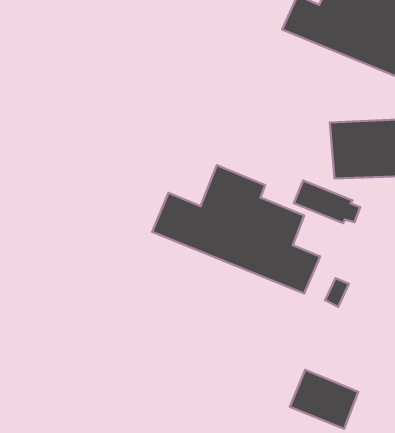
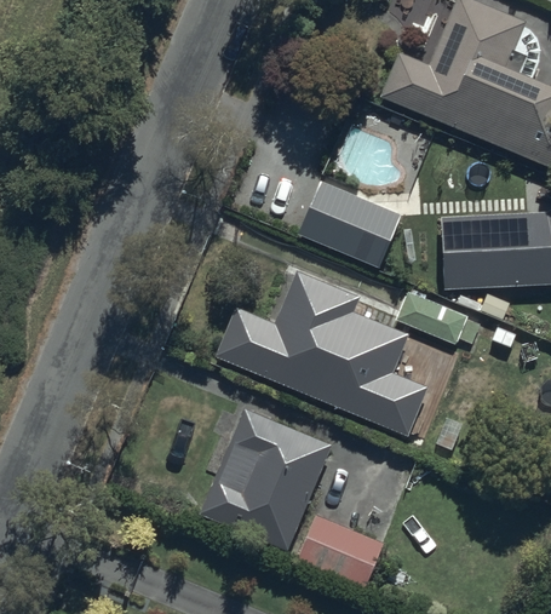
building: none -> [298,182,402,268]
building: none -> [200,411,332,552]
building: [290,370,358,429] -> [295,516,383,591]

